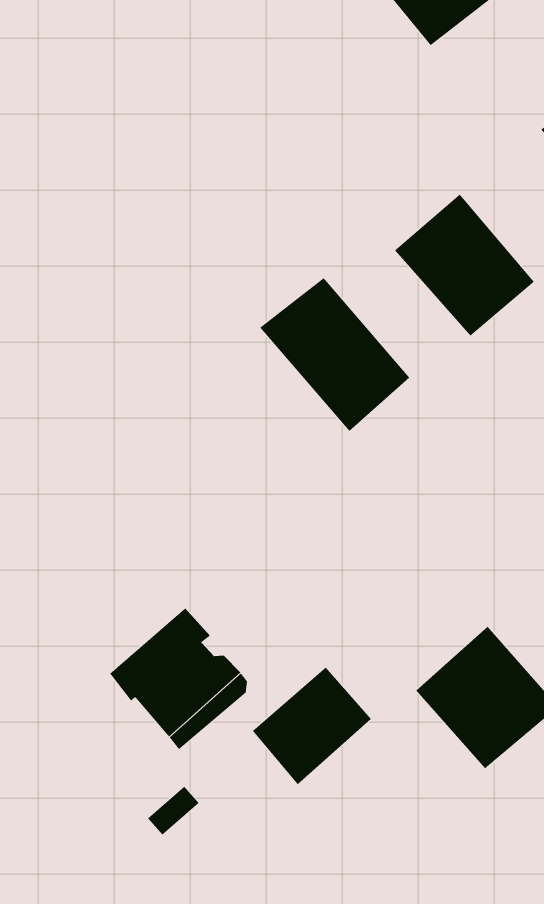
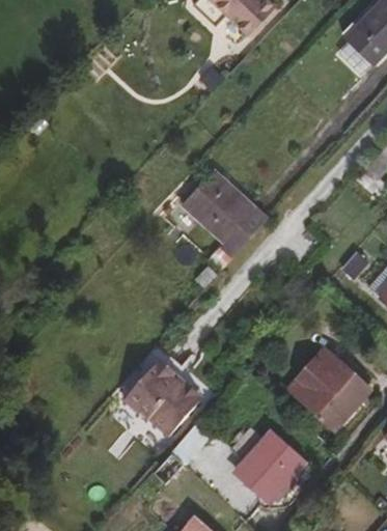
building: [394,194,535,337] -> none
building: [252,666,372,785] -> [239,432,302,498]

